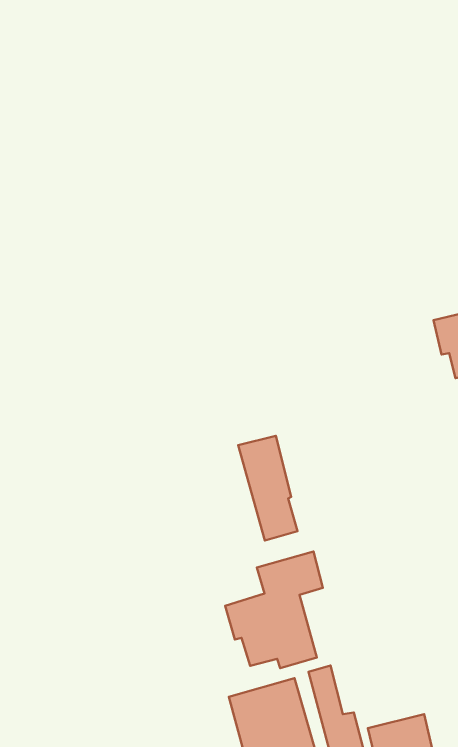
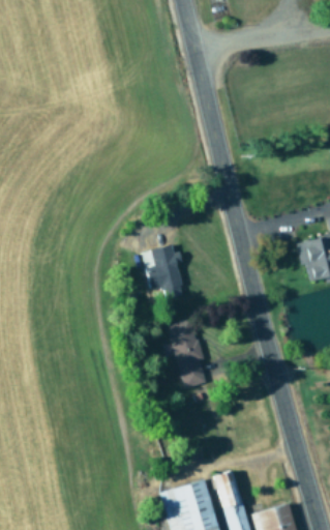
building: none -> [143,245,184,300]
building: [225,552,323,668] -> none

